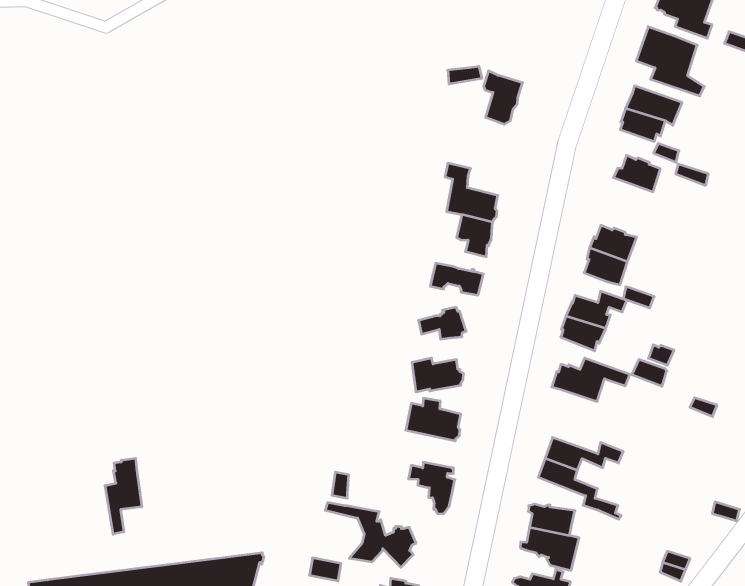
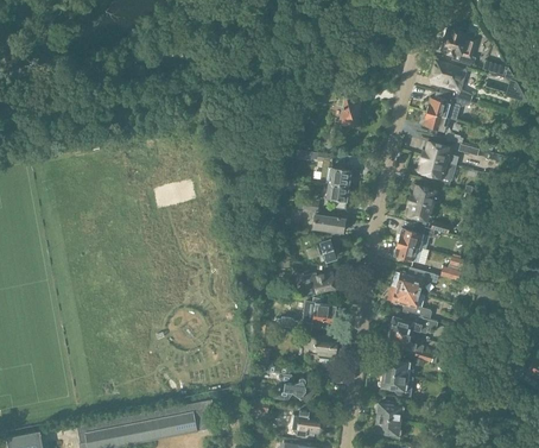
building: none -> [419,156,457,188]
building: none -> [393,288,432,320]
building: [105,458,142,534] -> none

